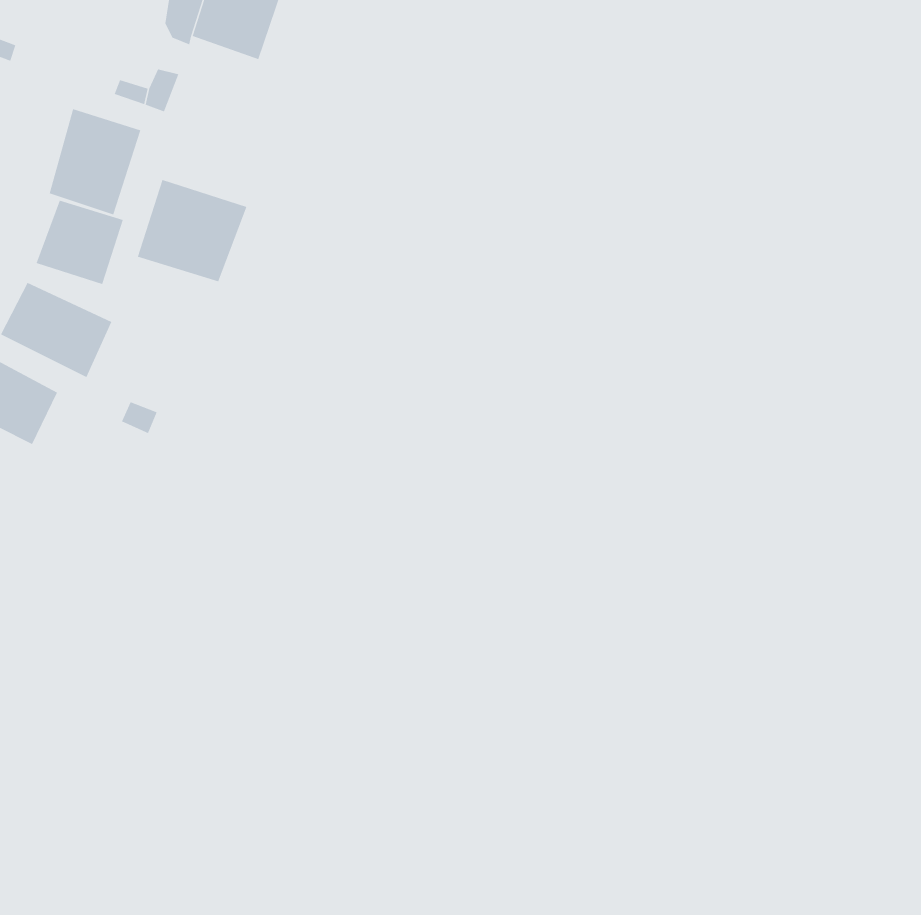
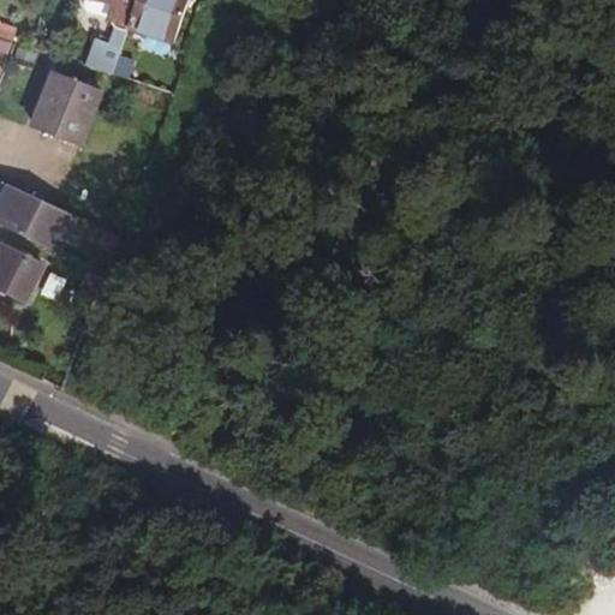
building: [137,179,247,282] -> none
building: [36,200,123,285] -> none

